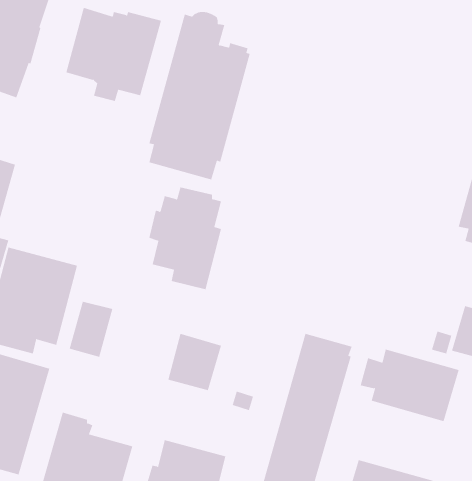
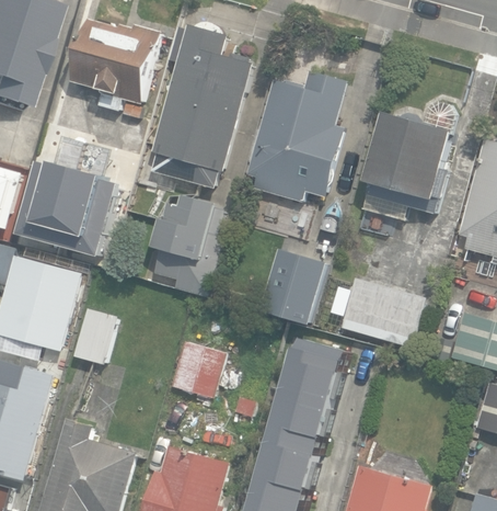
building: none -> [244,71,347,203]
building: none -> [360,101,454,220]
building: none -> [20,162,123,258]
building: none -> [271,254,321,318]
building: [360,349,460,422] -> [328,276,427,349]

